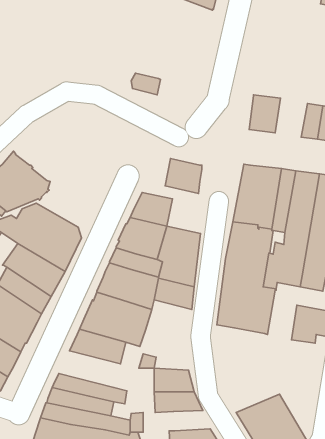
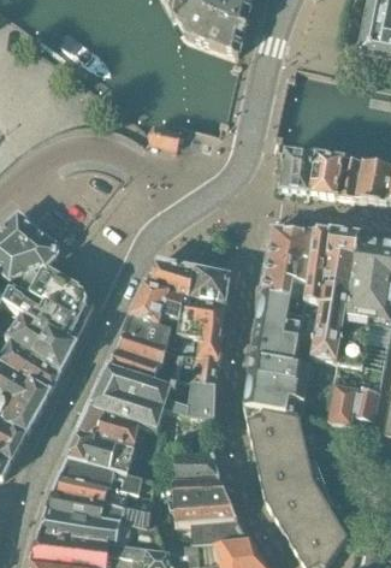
building: none -> [308,152,344,195]
building: [165,159,202,193] -> [188,264,229,302]
building: none -> [164,375,215,421]
building: none -> [243,403,313,501]
building: none -> [67,432,136,473]
building: none -> [174,498,236,521]

